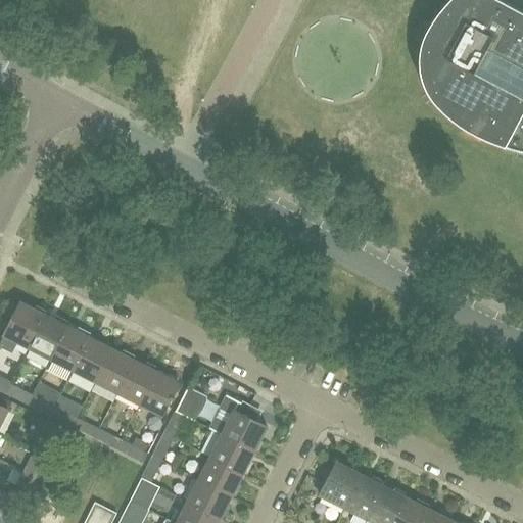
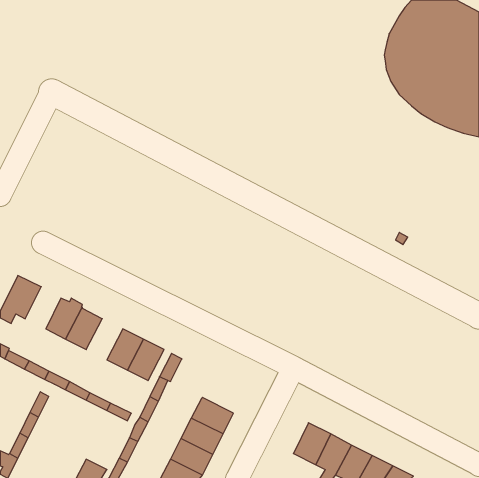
building: [28,314,66,360] -> none
building: [94,348,134,393] -> none
building: [209,395,267,451] -> none

